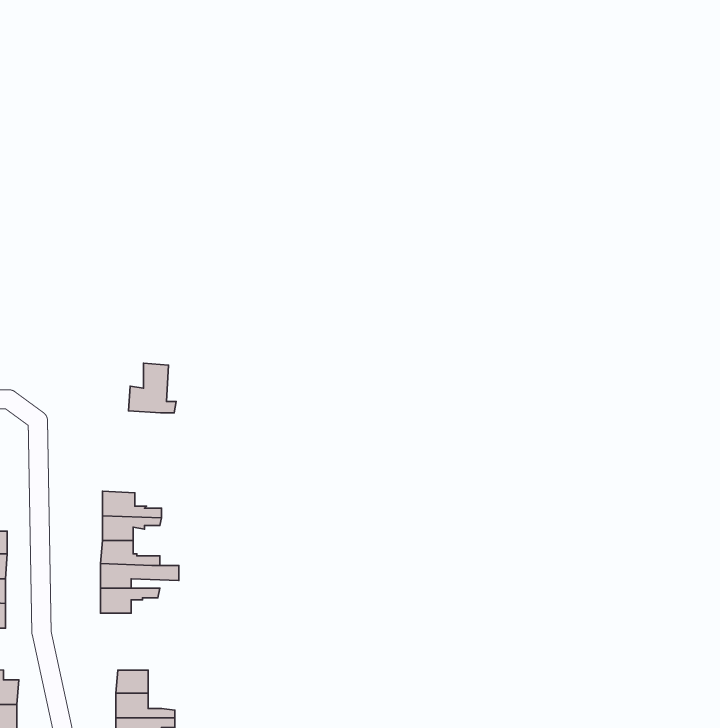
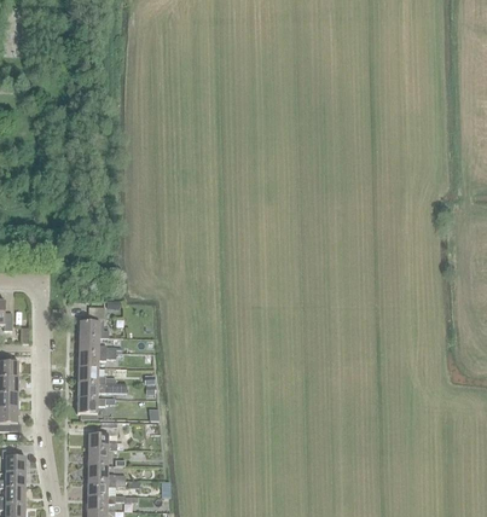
building: [128,363,176,413] -> [79,306,109,337]
building: none -> [88,425,117,449]

